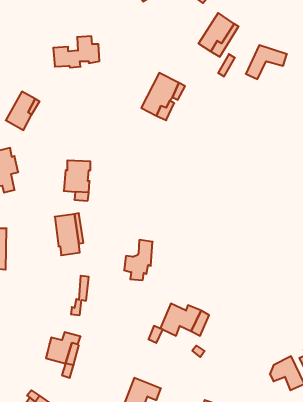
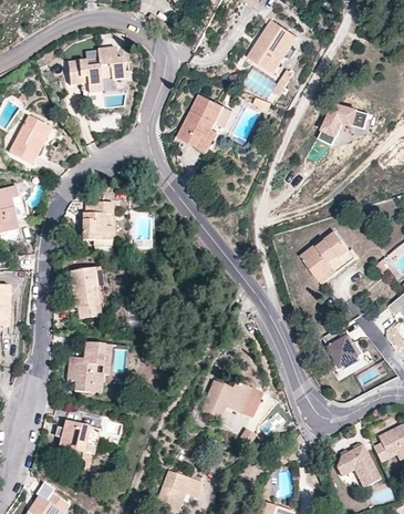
building: [246,45,287,79] -> [315,101,366,143]
building: none -> [300,228,349,281]
building: [124,240,153,280] -> [66,341,102,391]
building: none -> [320,323,361,368]

